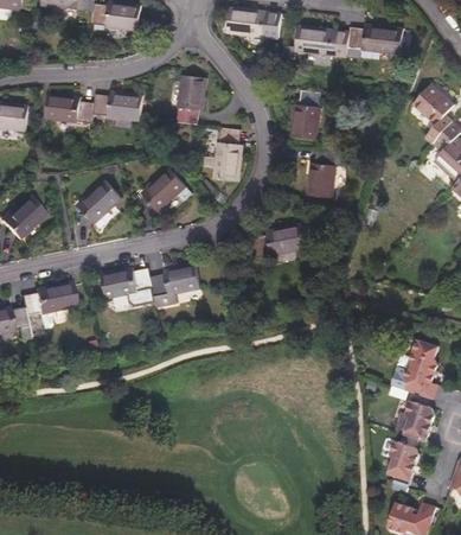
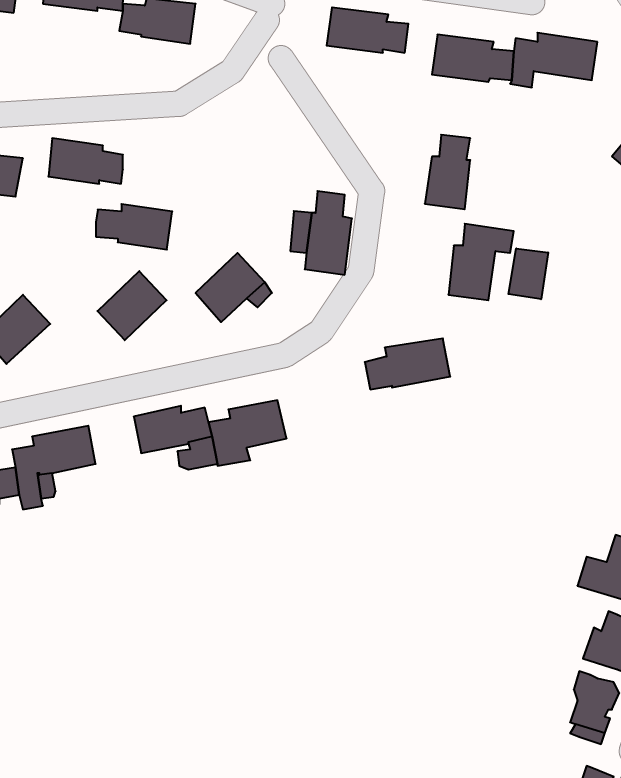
building: [177,75,206,123] -> none
building: [94,91,143,121] -> [96,204,172,250]
building: none -> [508,248,548,299]

